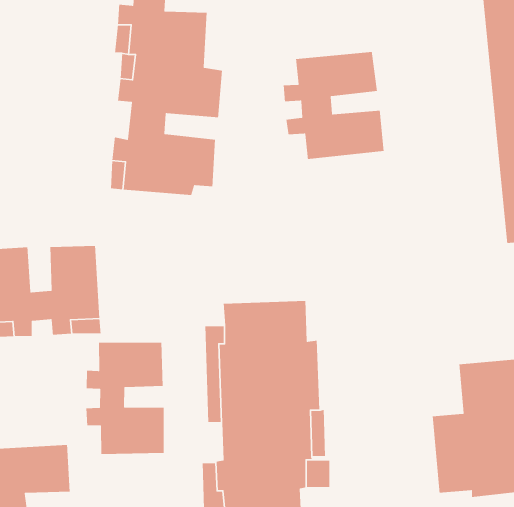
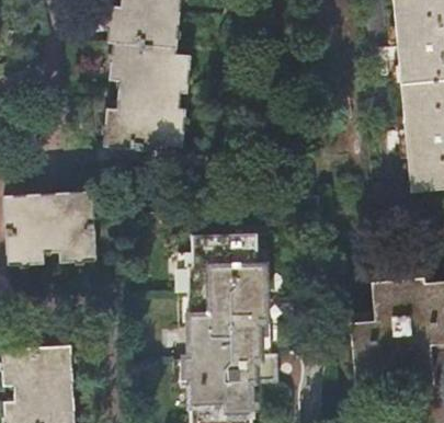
building: [283,51,384,160] -> none
building: [86,342,164,455] -> none

